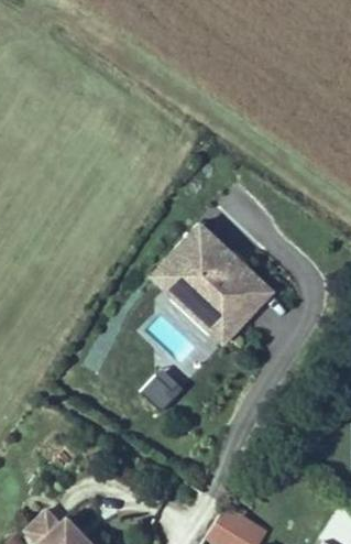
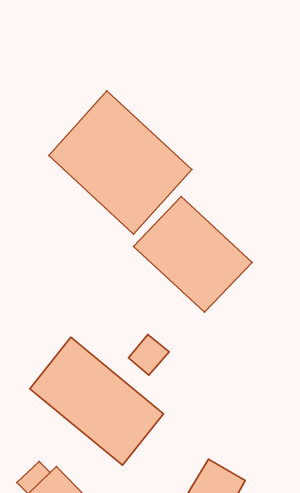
building: none -> [49,91,192,234]
building: none -> [30,337,163,465]

